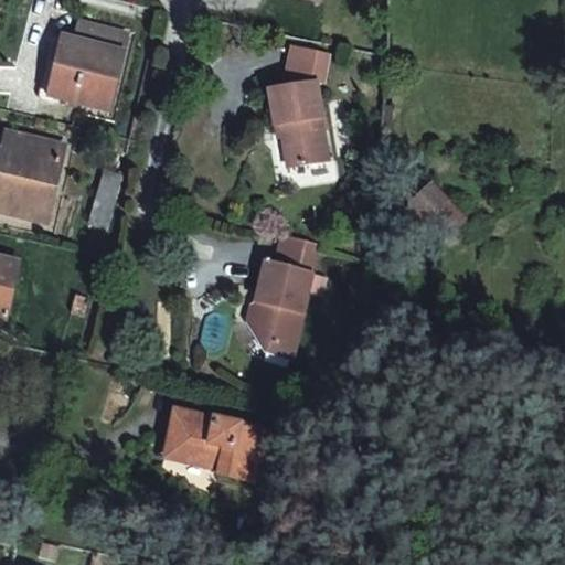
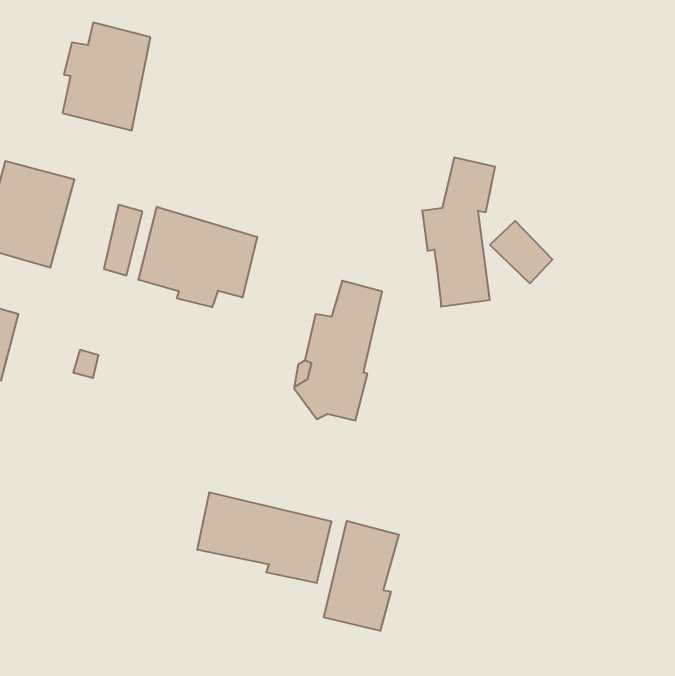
building: [274,43,334,167] -> [422,158,495,307]
building: none -> [139,207,257,307]
building: none -> [324,521,399,631]

